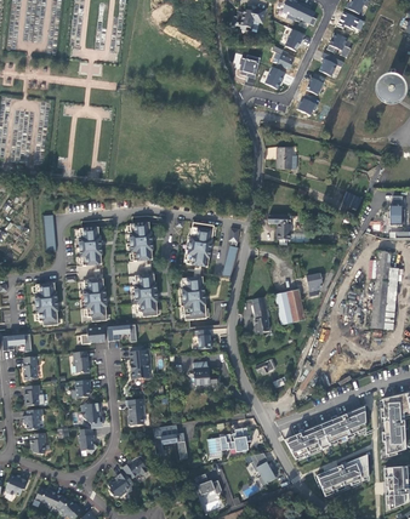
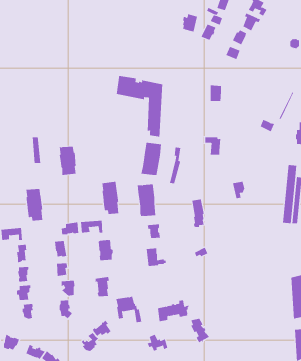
building: none -> [116,75,163,138]
building: [130,222,153,261] -> none
building: [84,278,107,321] -> none
building: [275,289,304,324] -> none
building: [291,409,365,457] -> none
building: [318,454,369,494] -> none

